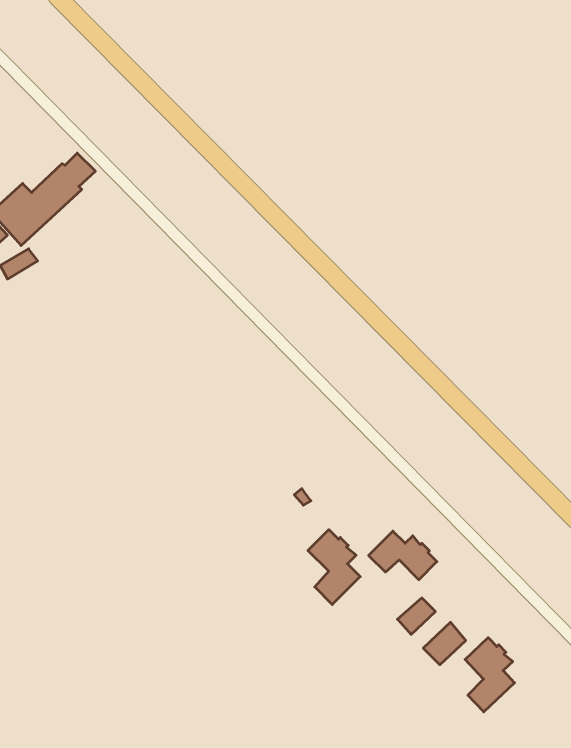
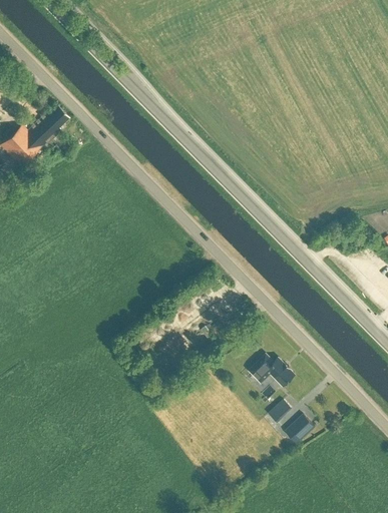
building: [308,530,360,605] -> none
building: [465,638,515,712] -> none

